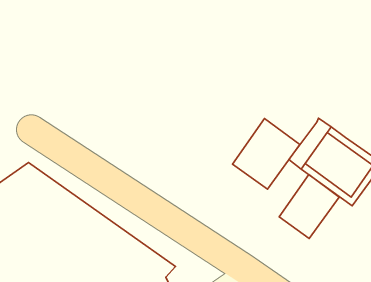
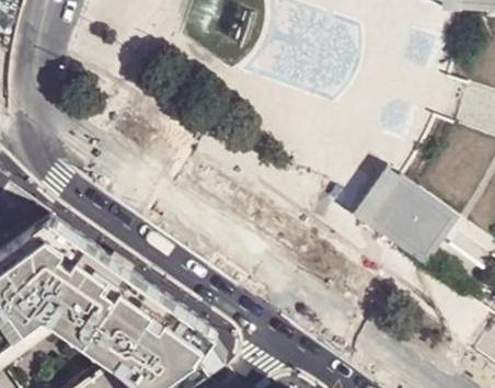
building: [233,119,300,189] -> none
building: [279,175,339,238] -> none

